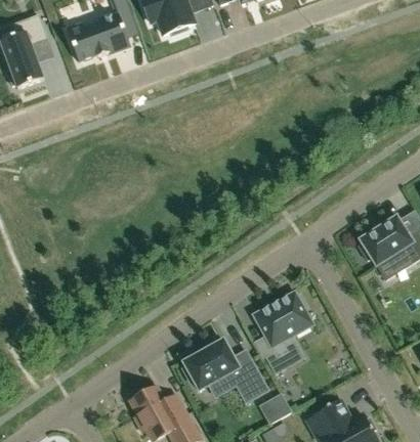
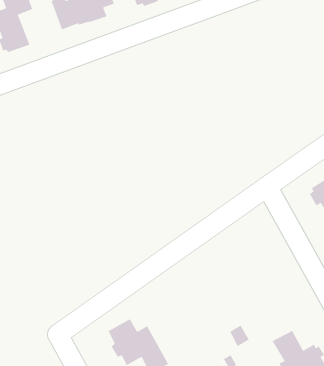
building: [253,291,313,372] -> none
building: [182,340,268,401] -> none

